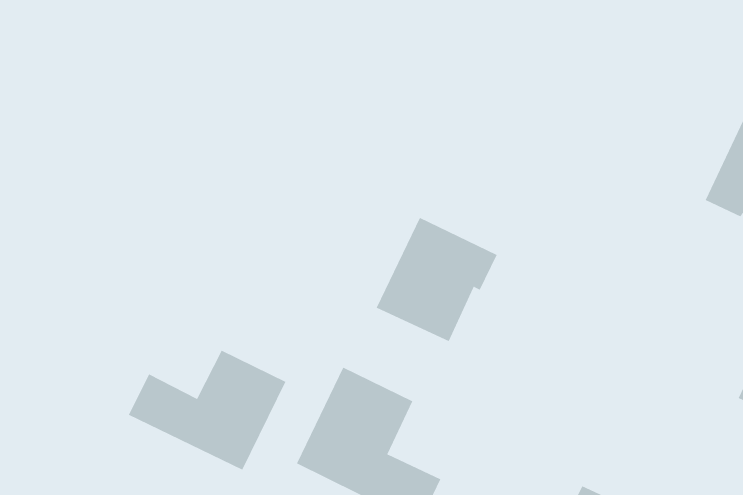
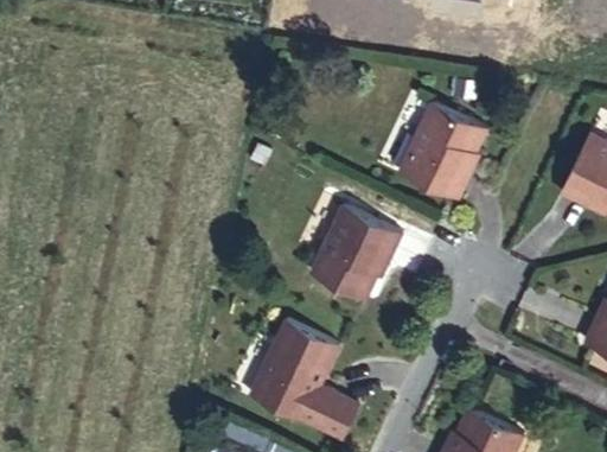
building: none -> [400,101,487,198]
building: [128,350,286,470] -> none

